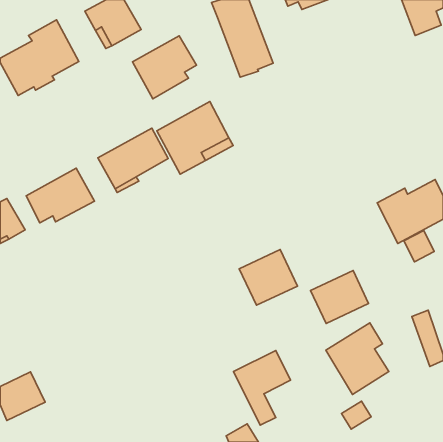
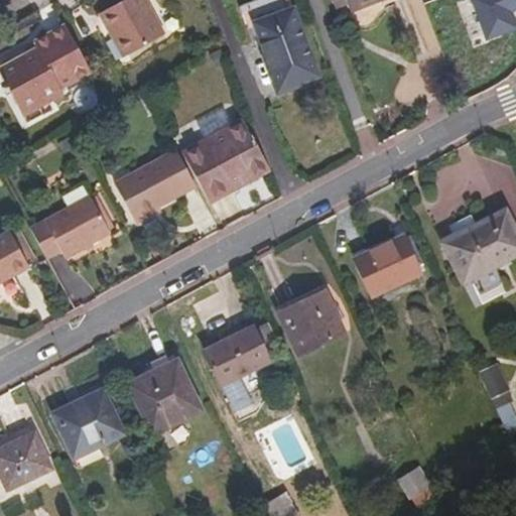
building: [132,36,196,99] -> none
building: [311,271,369,323] -> [354,235,421,296]
building: none -> [128,359,204,434]
building: [326,323,389,395] -> none
building: none -> [48,388,127,459]
building: [233,351,291,425] -> [204,327,270,413]

